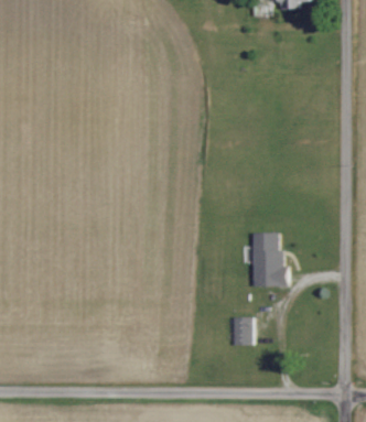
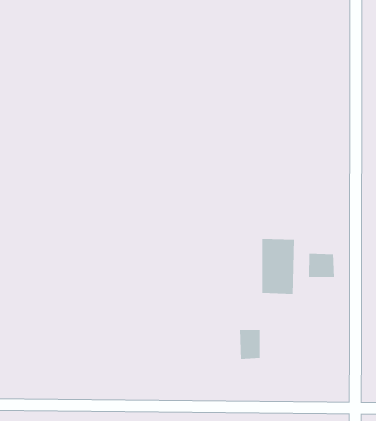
building: none -> [308,253,335,278]

